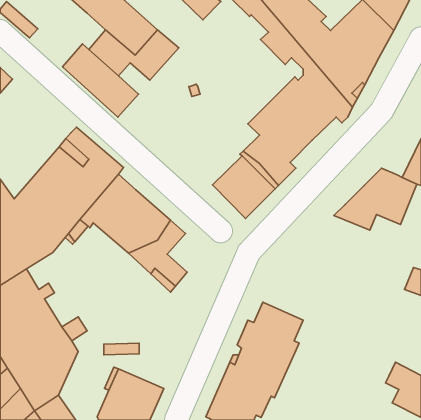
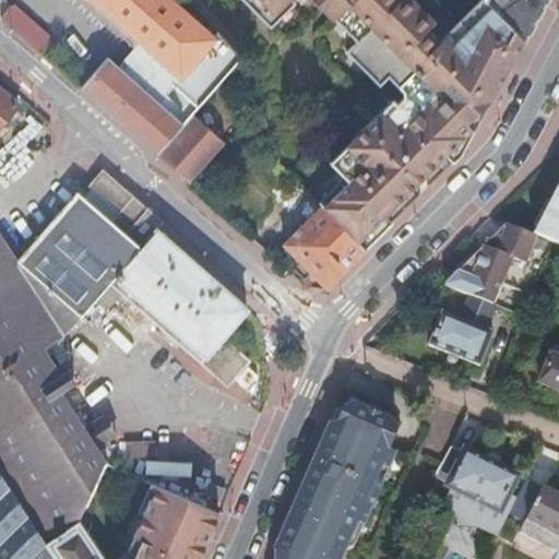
building: none -> [156,114,226,183]
building: none -> [427,296,493,366]
building: none -> [433,448,515,537]

